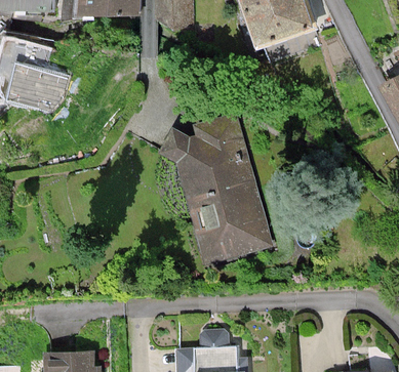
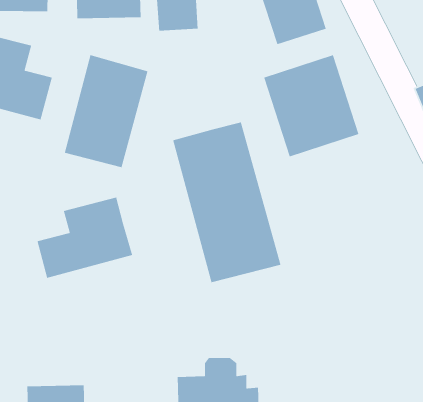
building: none -> [263,54,359,158]
building: none -> [64,54,148,168]
building: none -> [36,197,133,279]

